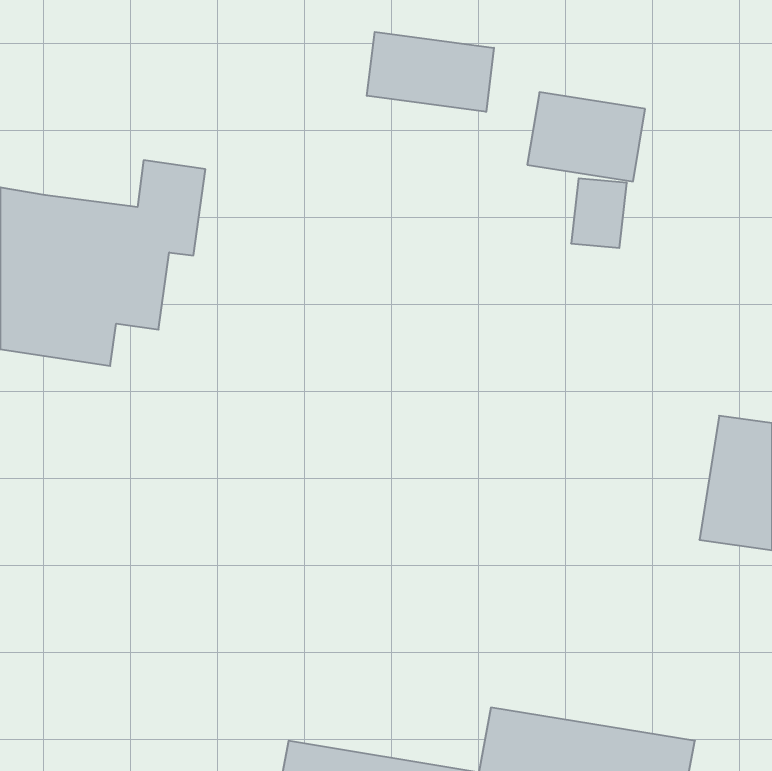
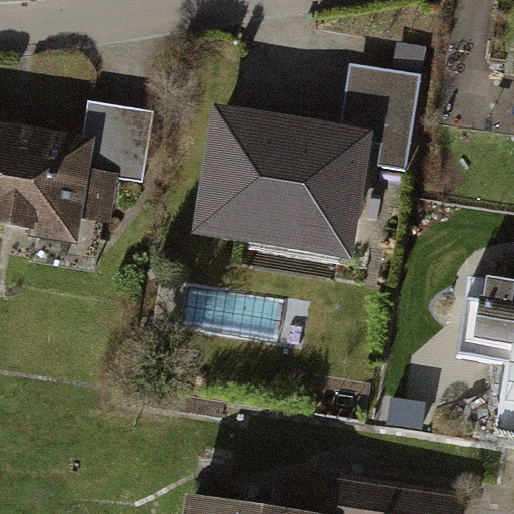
building: [367,32,494,112] -> none
building: none -> [197,122,344,240]

